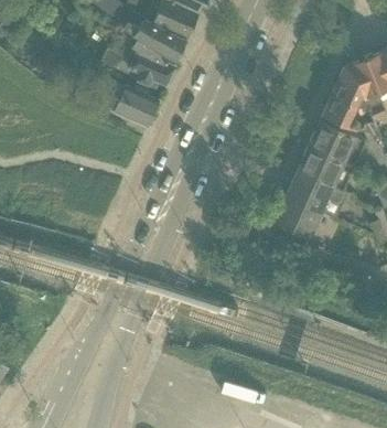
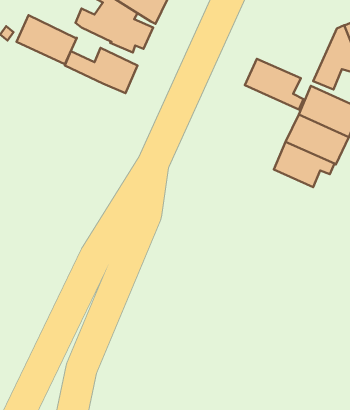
building: none -> [17,15,77,64]
building: none -> [245,59,303,109]
building: [273,195,322,246] -> none

